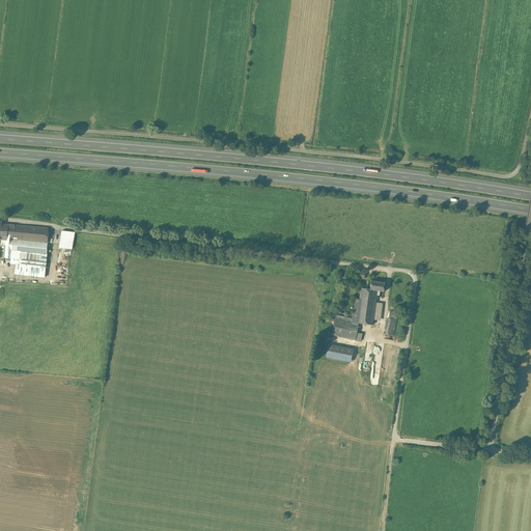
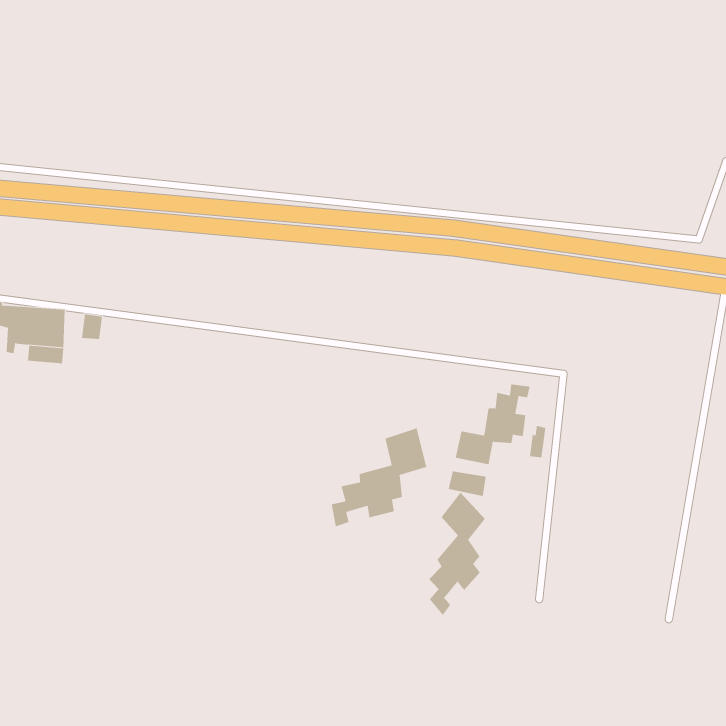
building: none -> [331,428,427,527]
building: none -> [428,492,485,616]

